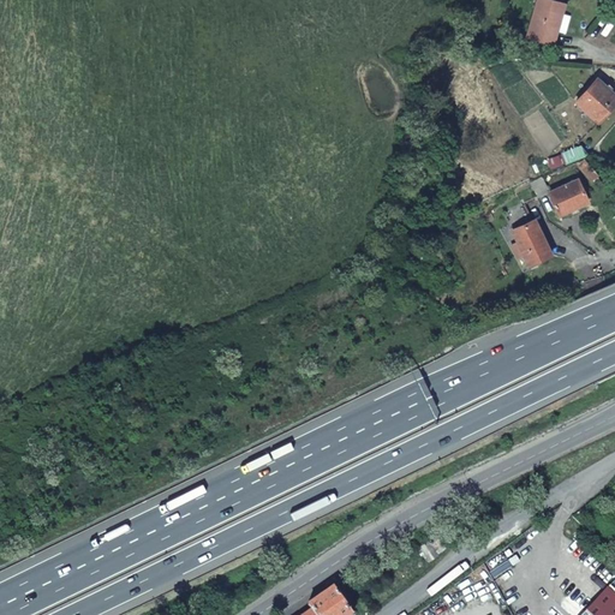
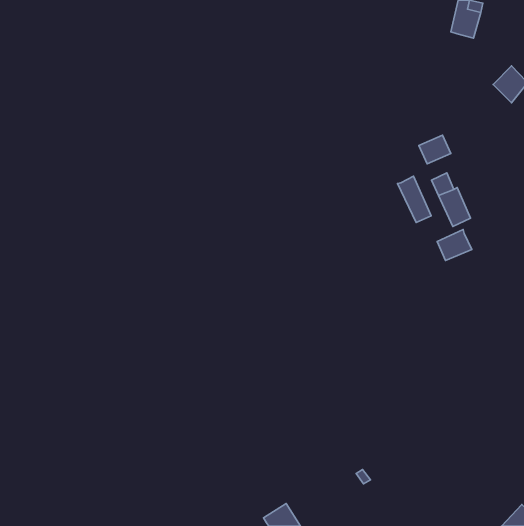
building: [548,179,585,213] -> [419,135,451,164]
building: none -> [398,176,431,222]
building: none -> [437,230,472,261]

